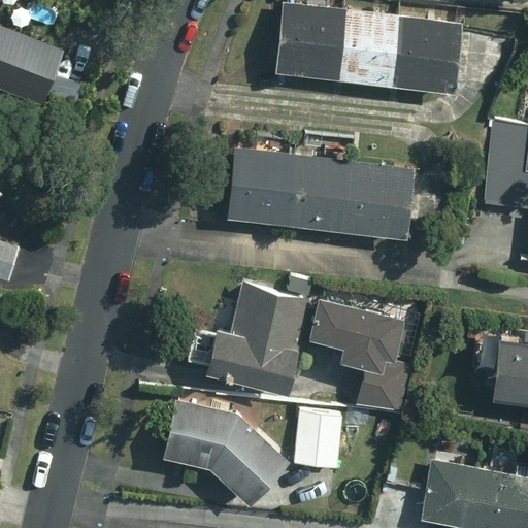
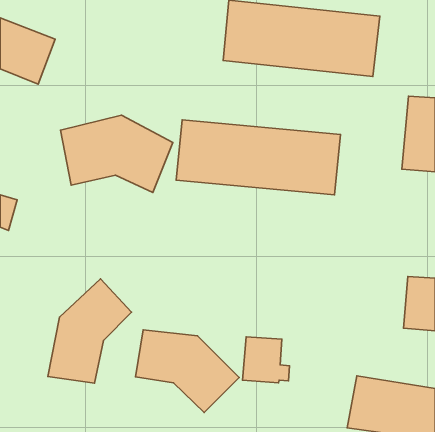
building: none -> [61,115,173,193]
building: [188,278,407,408] -> none
building: none -> [48,279,131,383]

